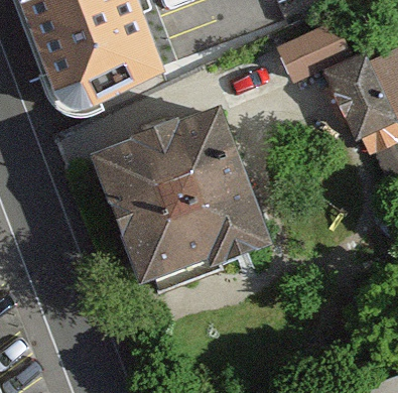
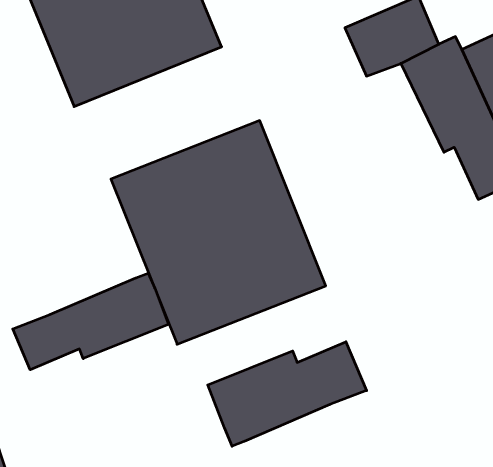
building: none -> [13,273,169,370]
building: none -> [208,342,367,446]

